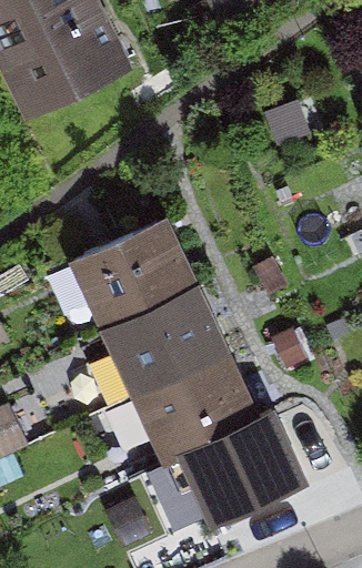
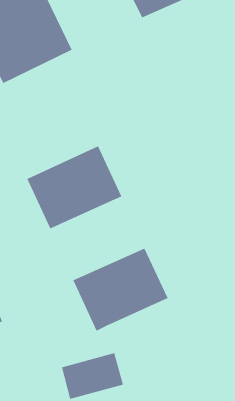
building: [94,276,224,390] -> none
building: [173,408,302,519] -> none

